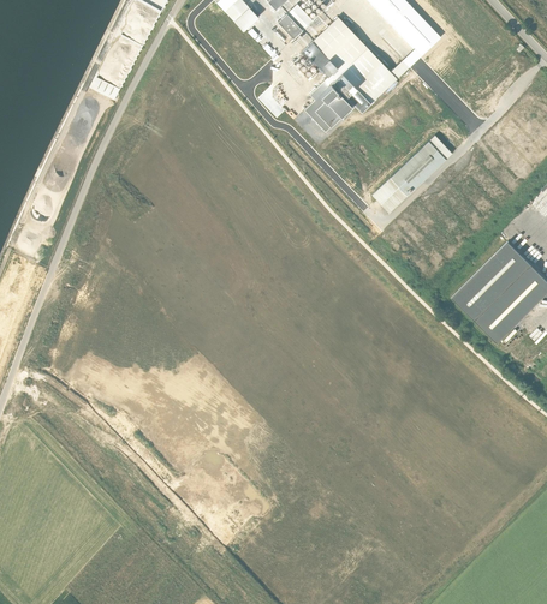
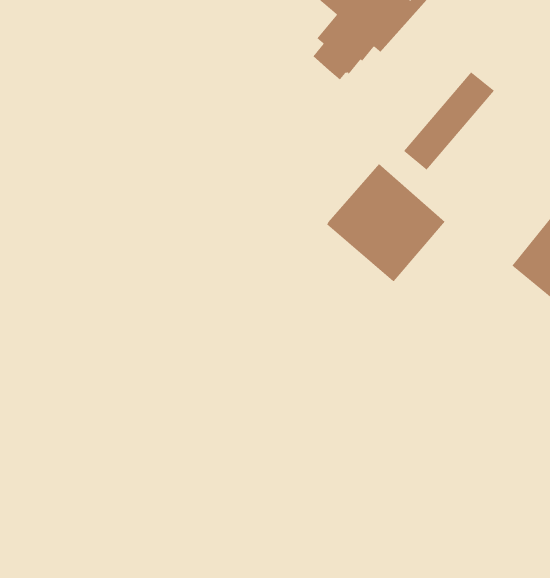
building: none -> [326,163,445,282]

